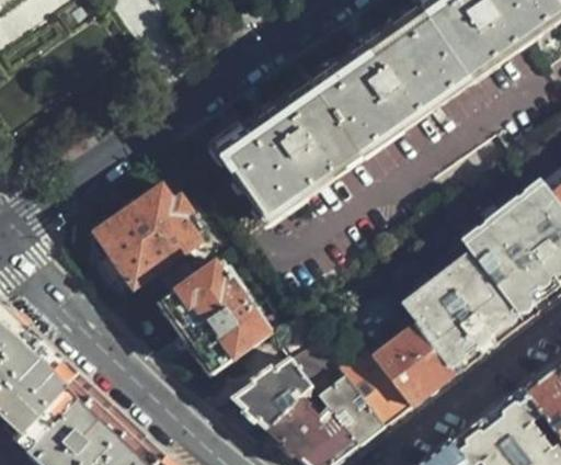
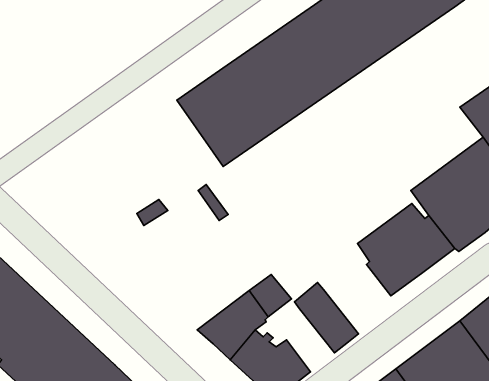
building: [93,186,199,287] -> none
building: [162,264,268,375] -> none
building: [374,324,454,405] -> none
building: [323,377,386,446] -> none

